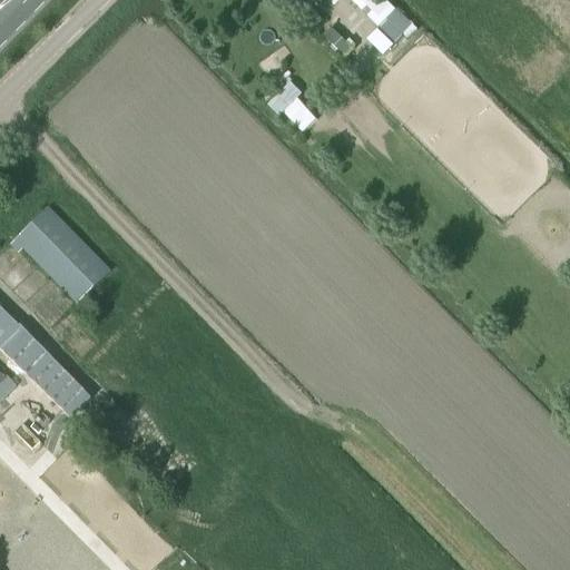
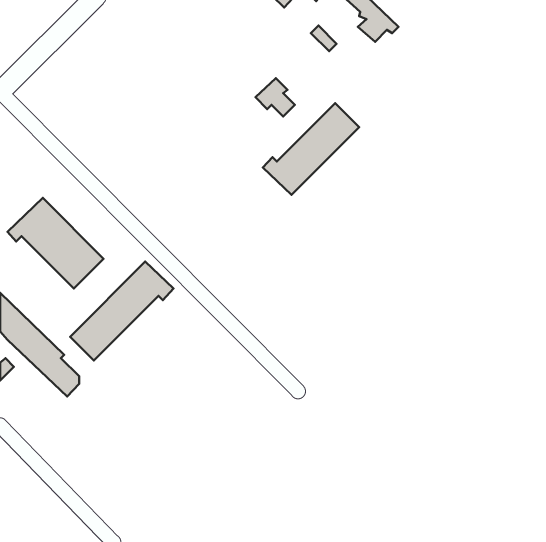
building: none -> [263,103,359,195]
building: none -> [70,262,173,361]

